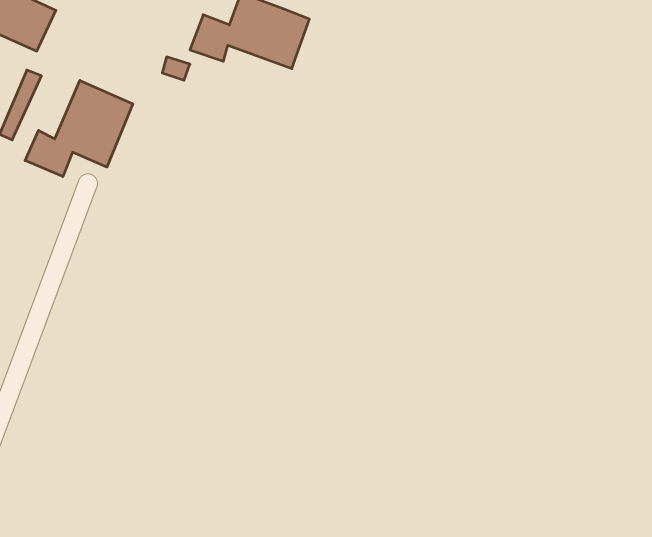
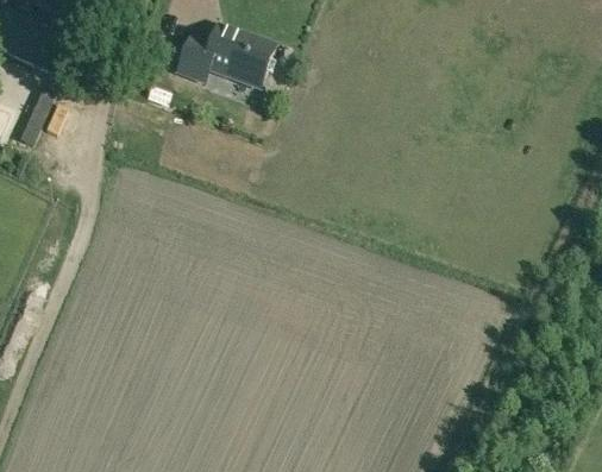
building: [25,80,133,177] -> none

